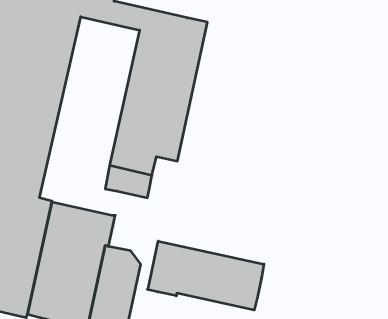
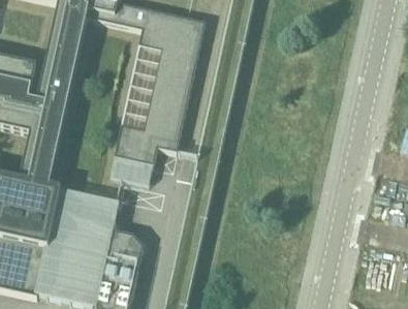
building: [147,241,264,310] -> none

